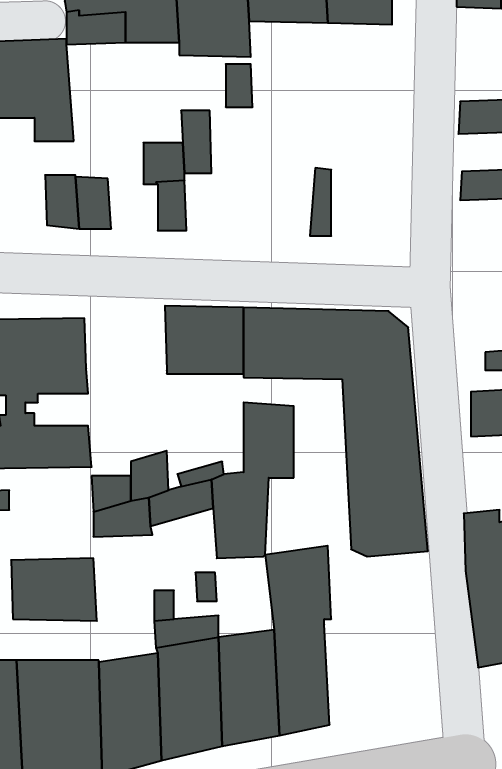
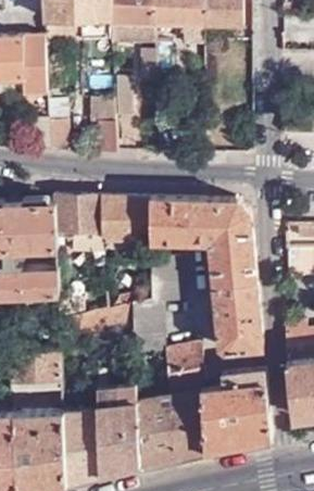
building: none -> [53,197,103,238]
building: none -> [199,369,269,453]

